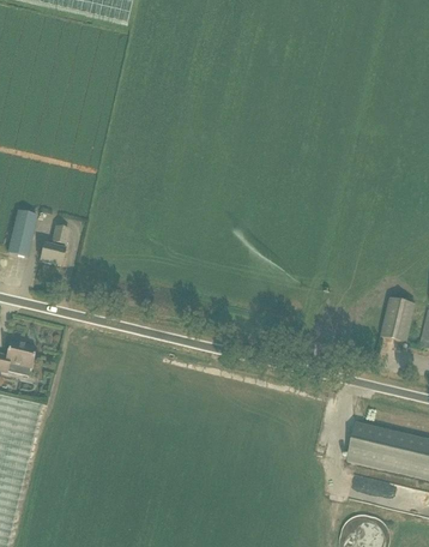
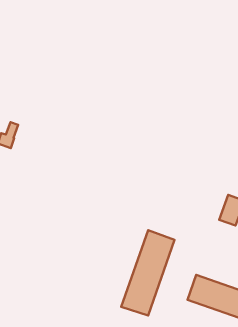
building: none -> [121,230,174,316]

